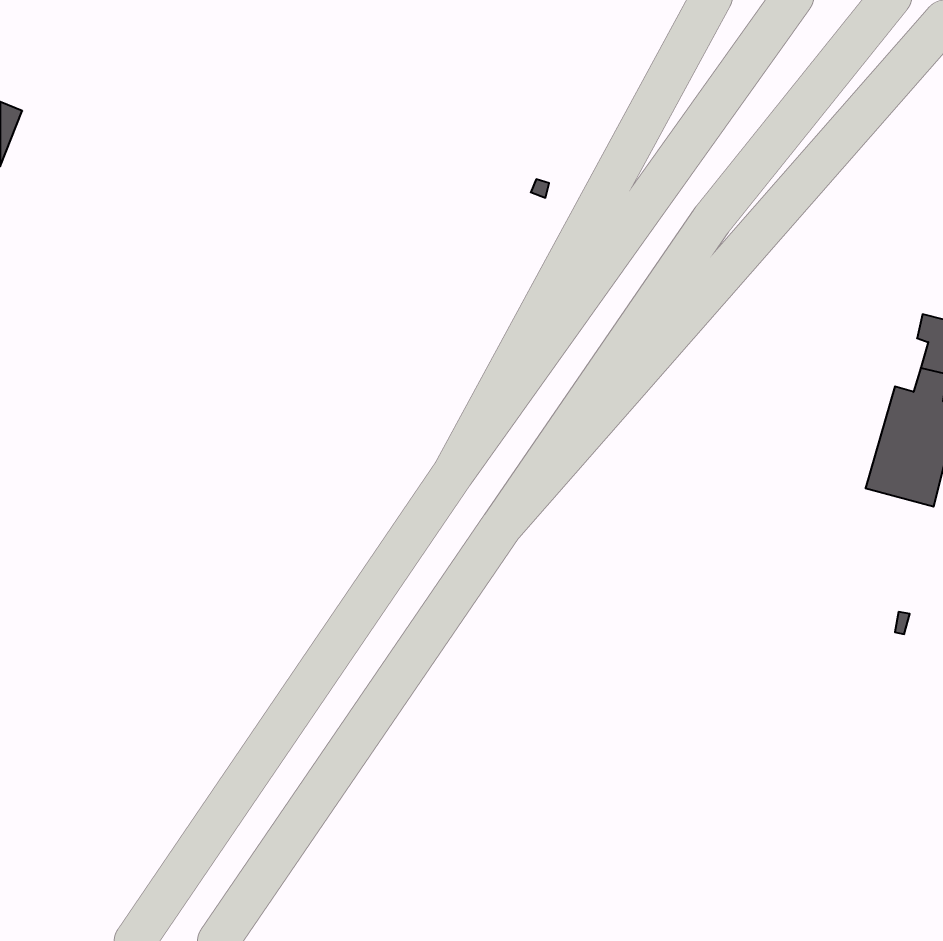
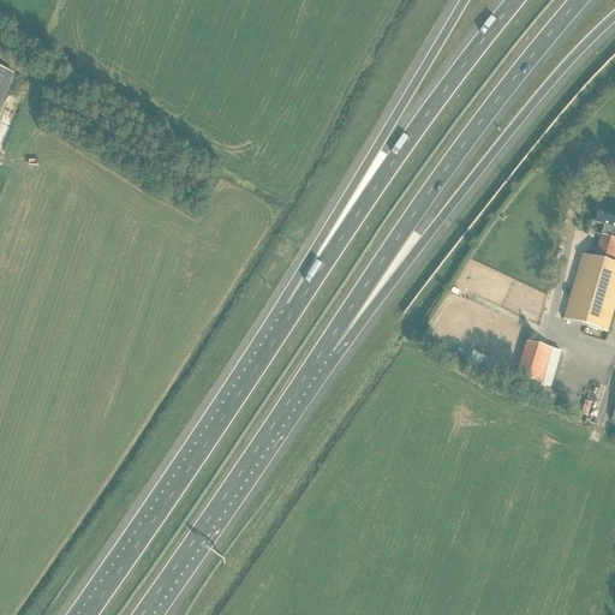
building: none -> [518,339,554,382]

